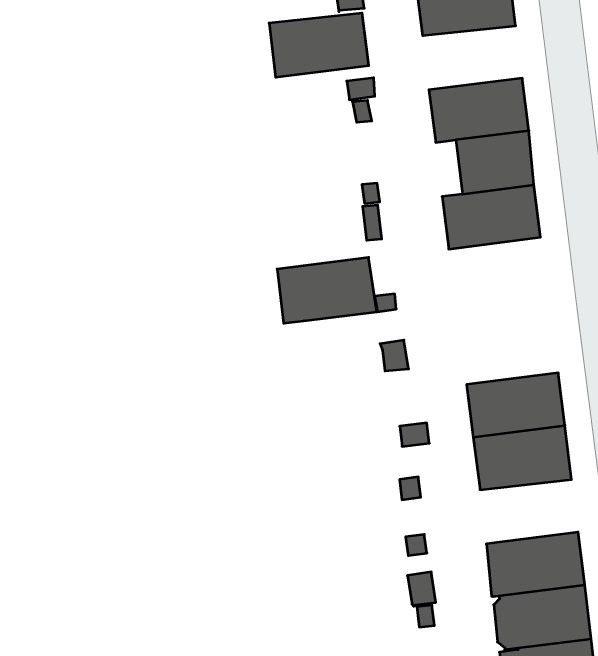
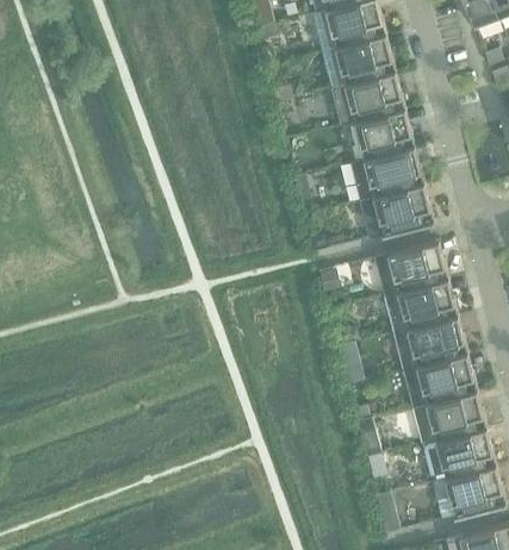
building: [269,13,369,77] -> [319,36,395,89]
building: [277,257,377,323] -> [358,185,433,239]
building: none -> [373,242,447,296]
building: none -> [402,355,476,408]

